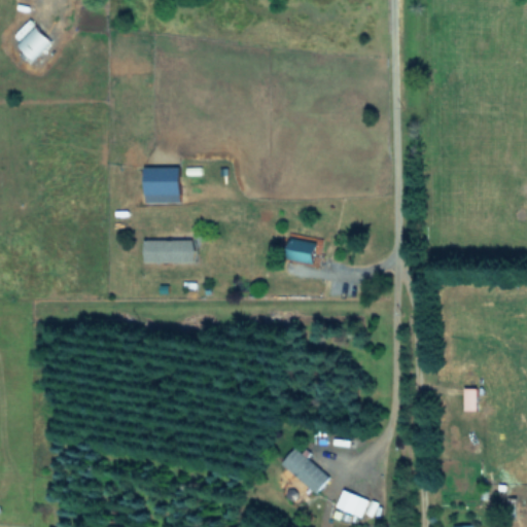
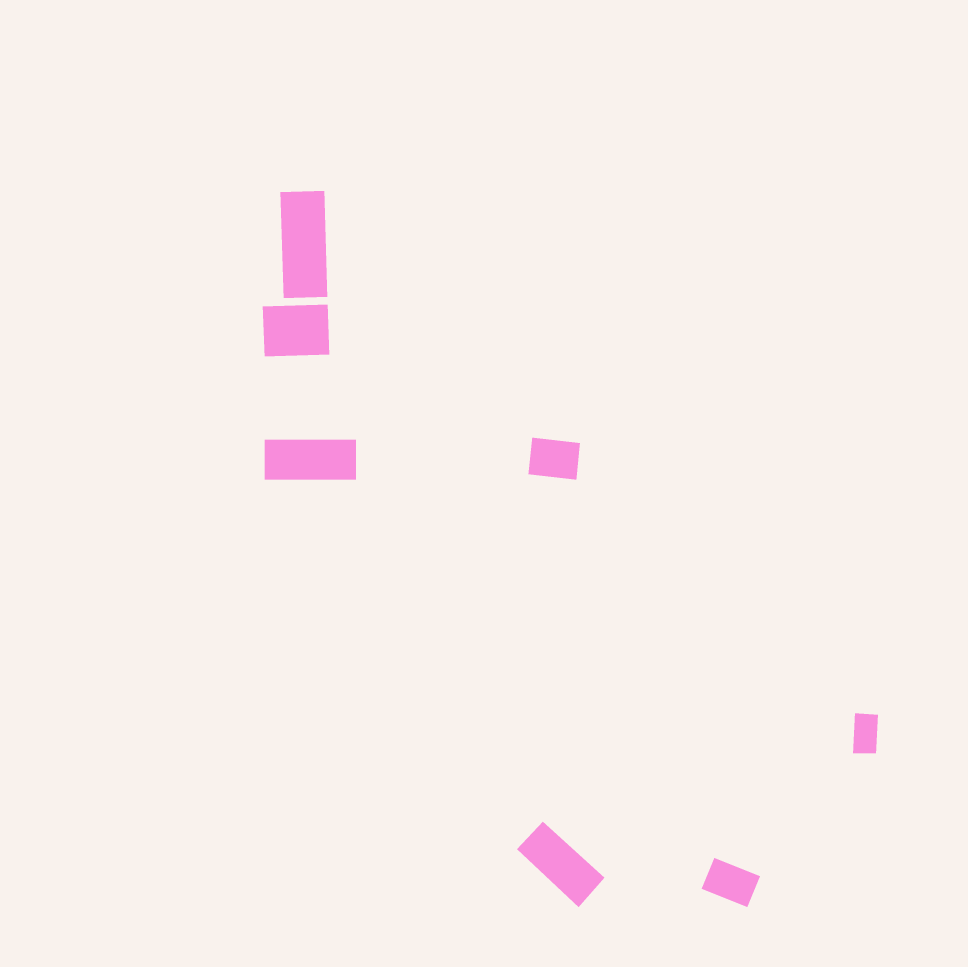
building: [16,26,50,60] -> none
building: none -> [280,190,328,299]
building: [337,490,370,518] -> [701,857,761,908]

